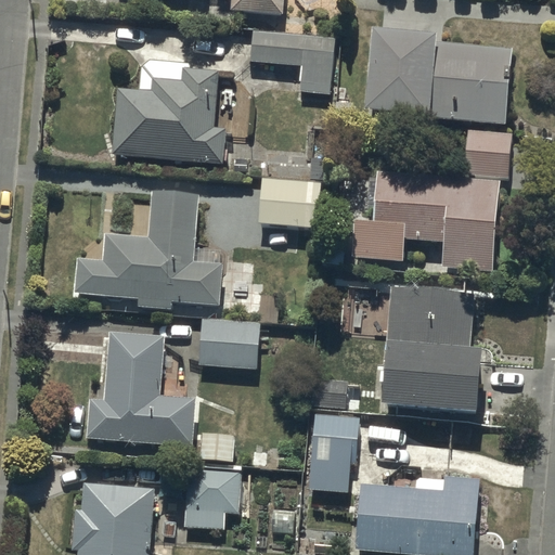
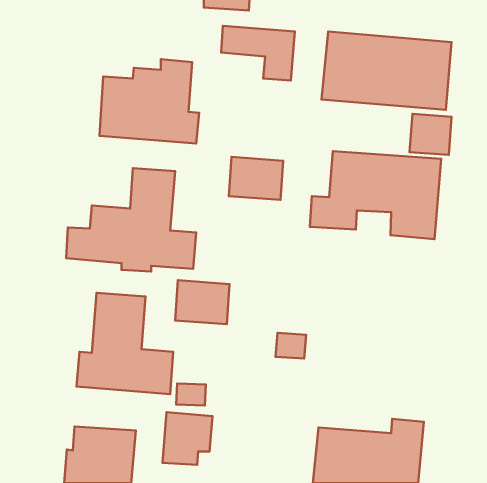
building: [382,286,482,415] -> none
building: [309,412,359,491] -> none

